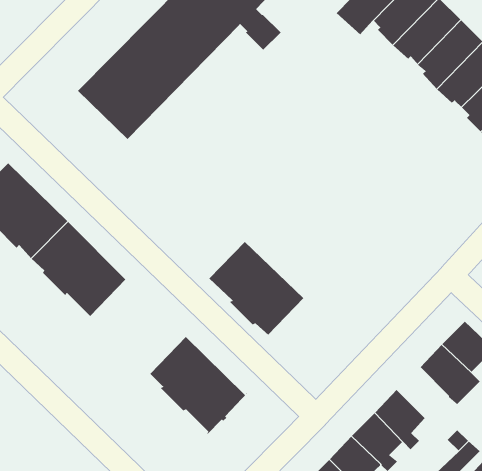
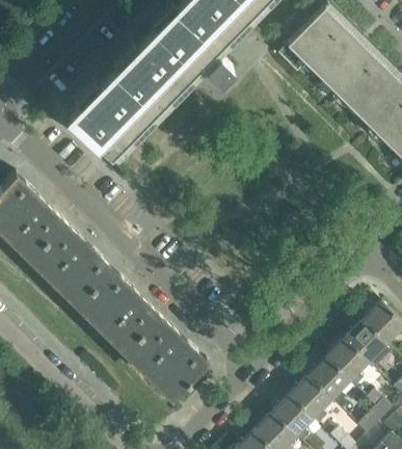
building: [209,241,304,336] -> [80,269,157,345]
building: none -> [326,340,368,388]

